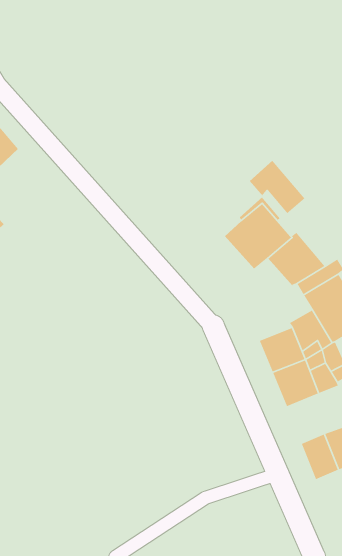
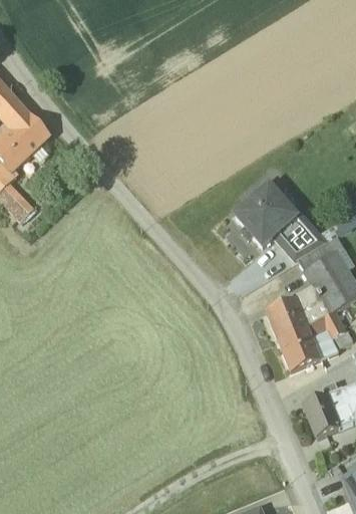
building: [249,160,305,214] -> none

